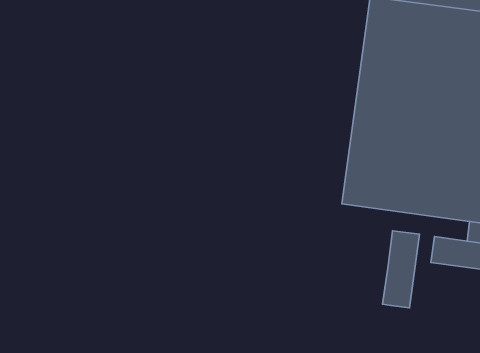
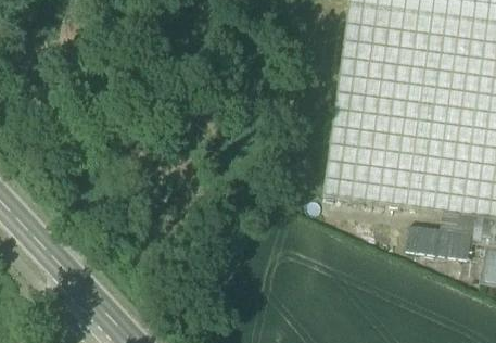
building: [383,231,420,308] -> none

